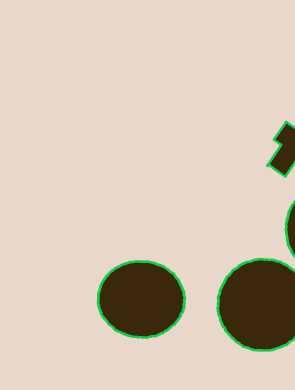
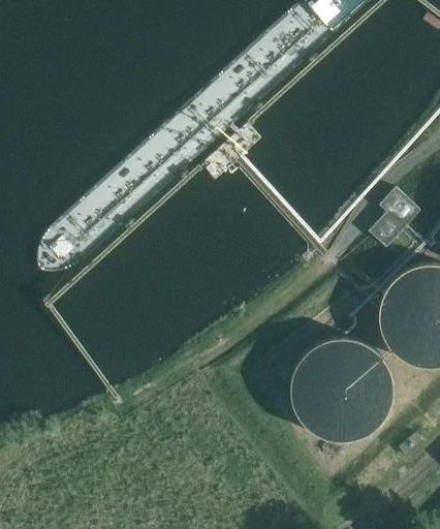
building: [98,261,185,338] -> none

